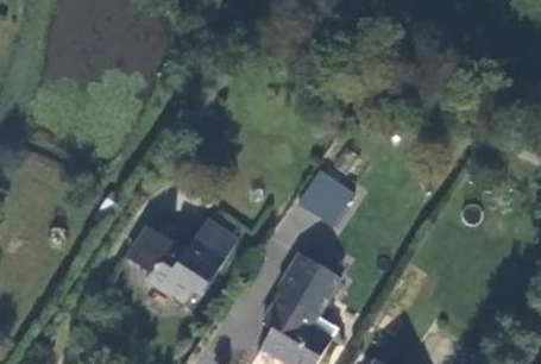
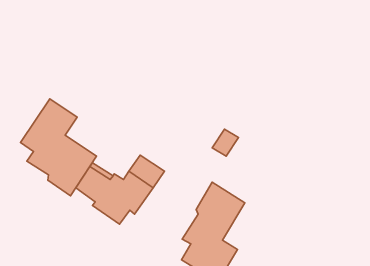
building: none -> [20,99,97,196]

